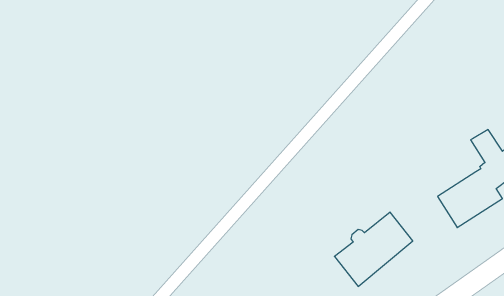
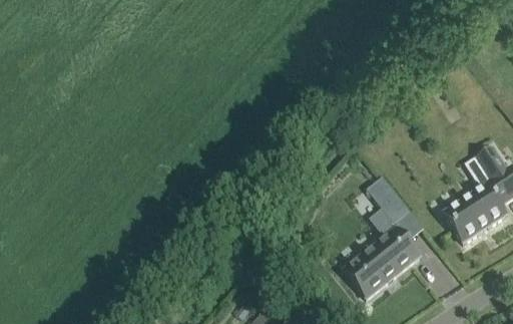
building: none -> [368,180,409,223]

